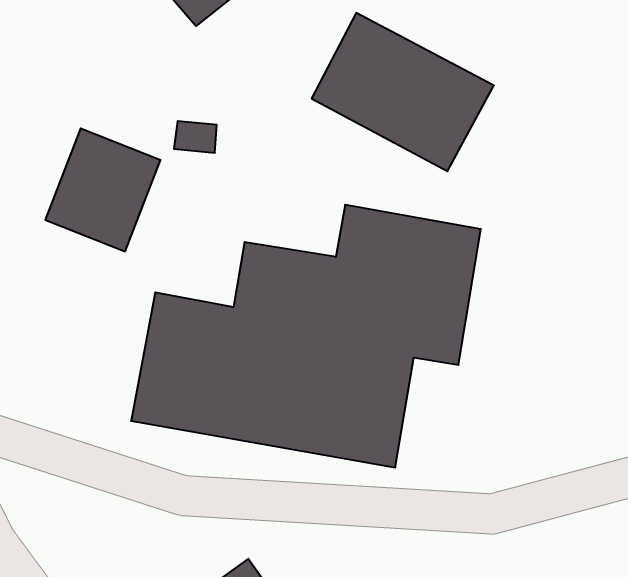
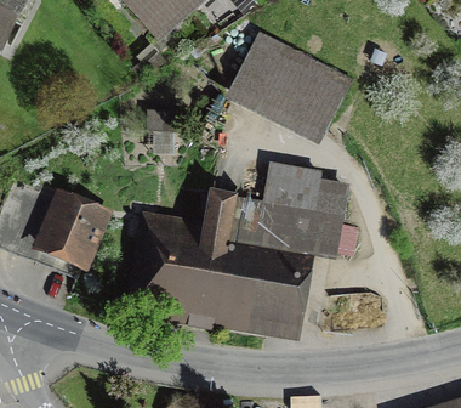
building: [45,128,161,251] -> [36,189,112,270]

